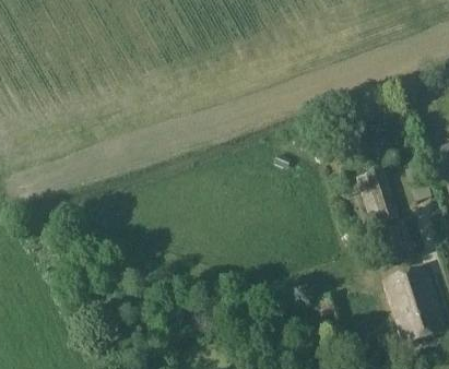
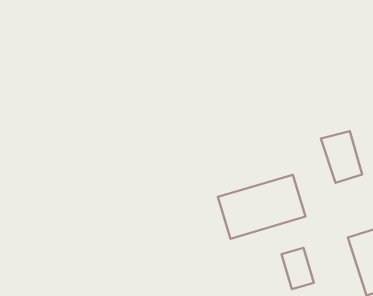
building: none -> [218,175,306,239]

